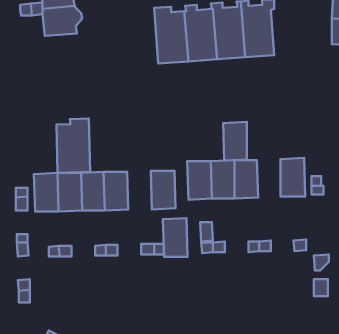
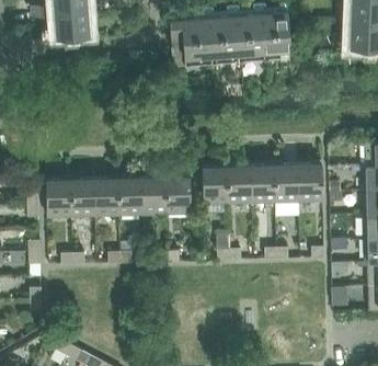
building: [57,118,90,173] -> none
building: [223,122,247,161] -> [273,164,297,204]
building: [163,218,188,257] -> [140,176,165,216]

